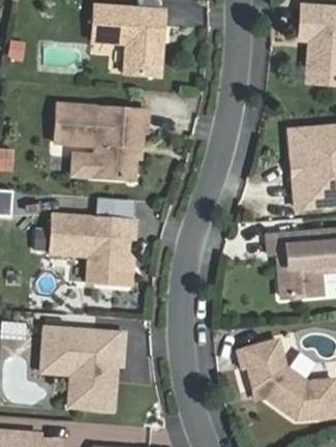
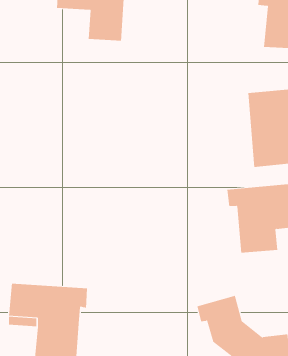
building: [55,103,147,178] -> none
building: [51,214,138,285] -> none

